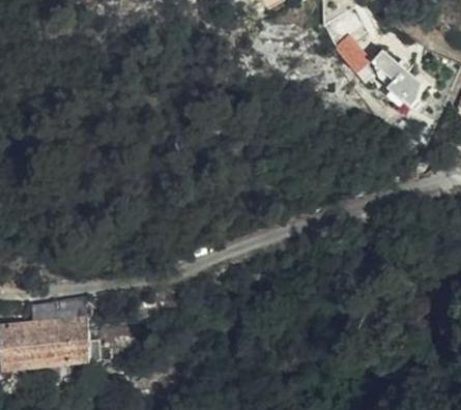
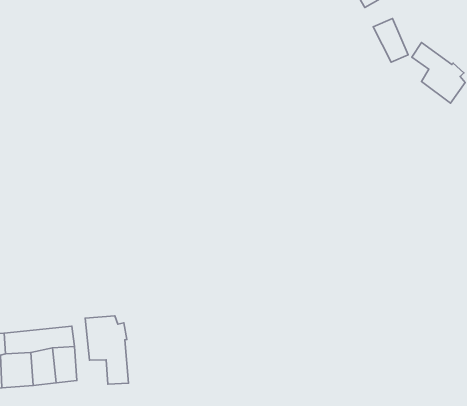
building: none -> [85,316,129,384]

